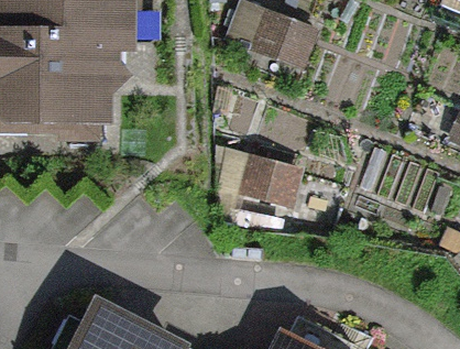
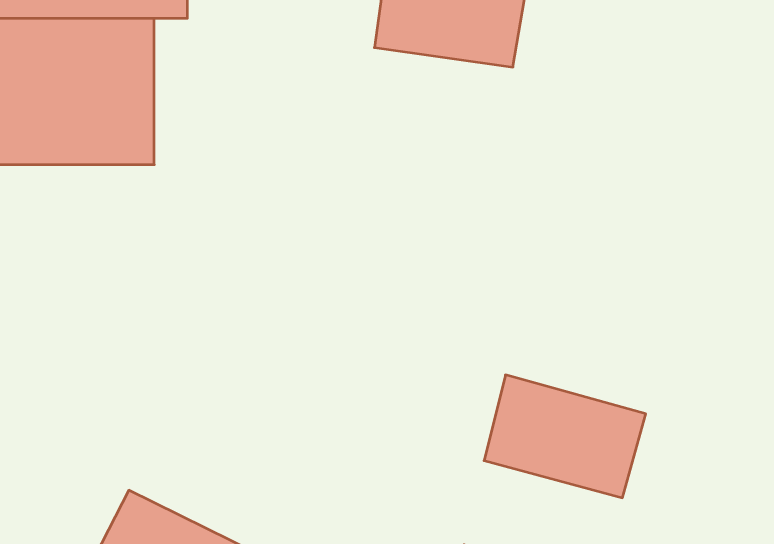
building: [219,150,310,219] -> [484,375,646,498]

